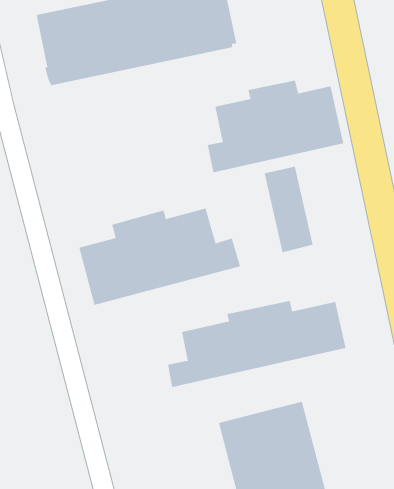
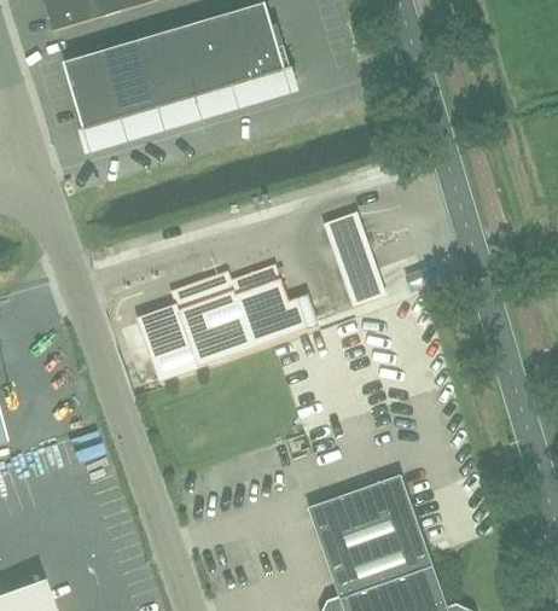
building: [207,80,344,173] -> none
building: [167,300,346,388] -> none

